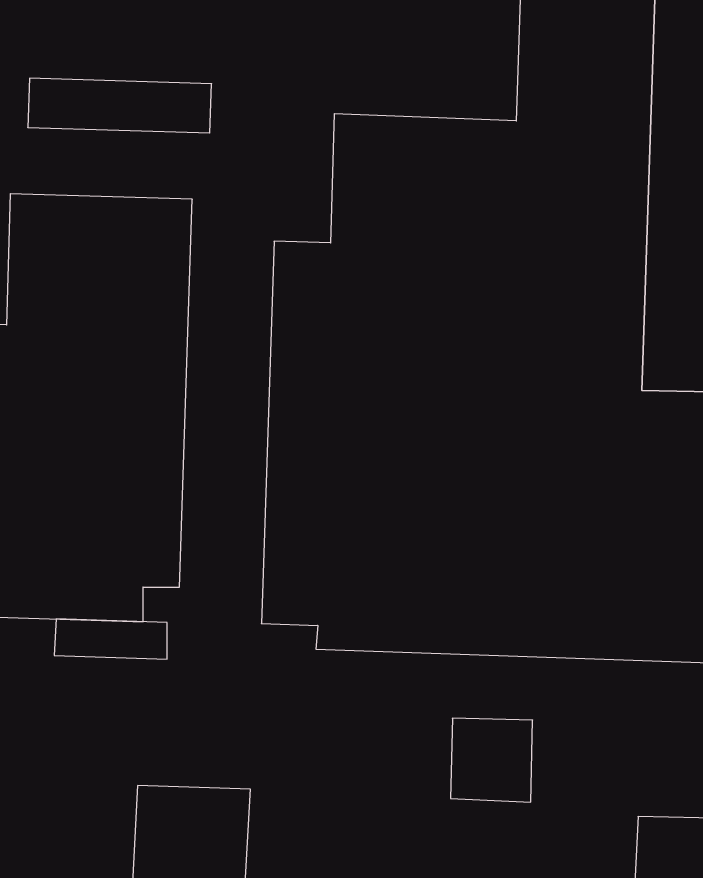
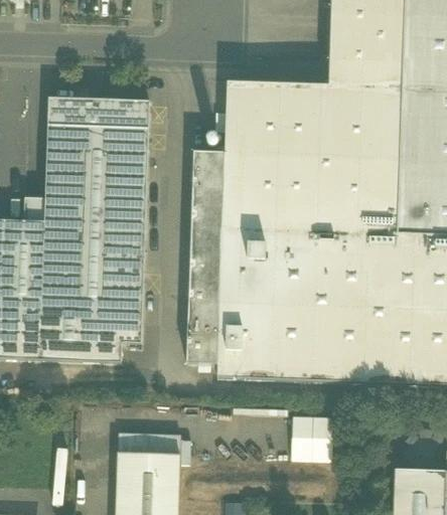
building: [28,78,212,133] -> [48,97,150,127]
building: [54,619,167,659] -> [119,431,181,453]

